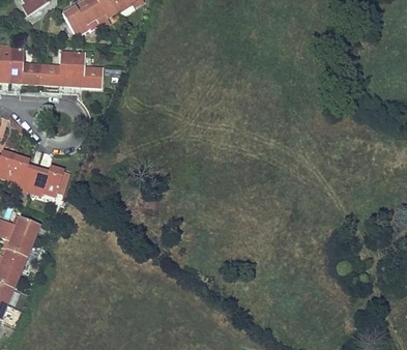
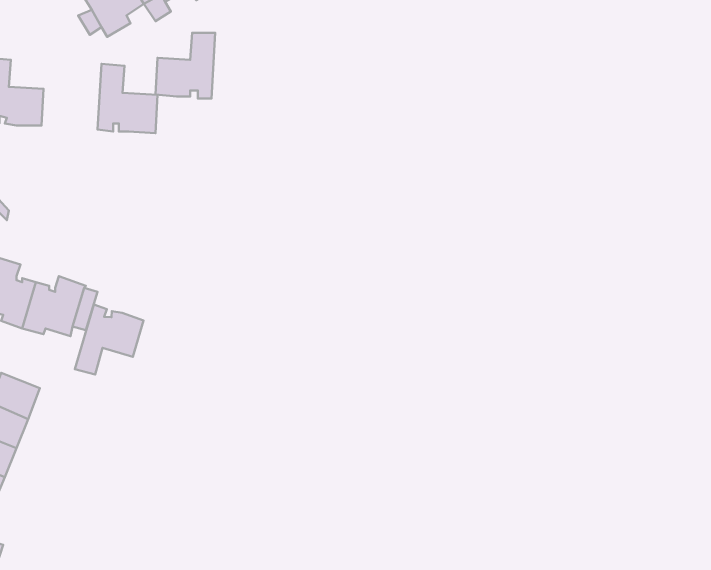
building: [40,50,72,85] -> [155,33,215,98]
building: none -> [75,305,144,375]

